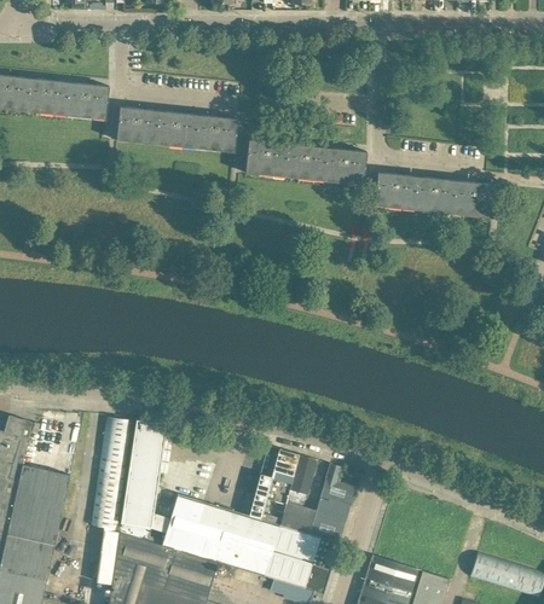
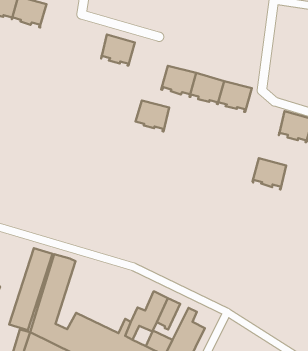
building: [66,83,109,121] -> none
building: [116,108,158,145] -> none
building: [195,116,237,153] -> [136,100,169,131]
building: [374,173,416,210] -> [252,158,286,189]

